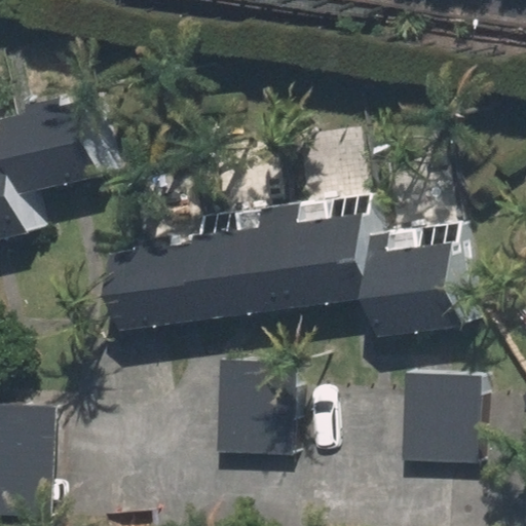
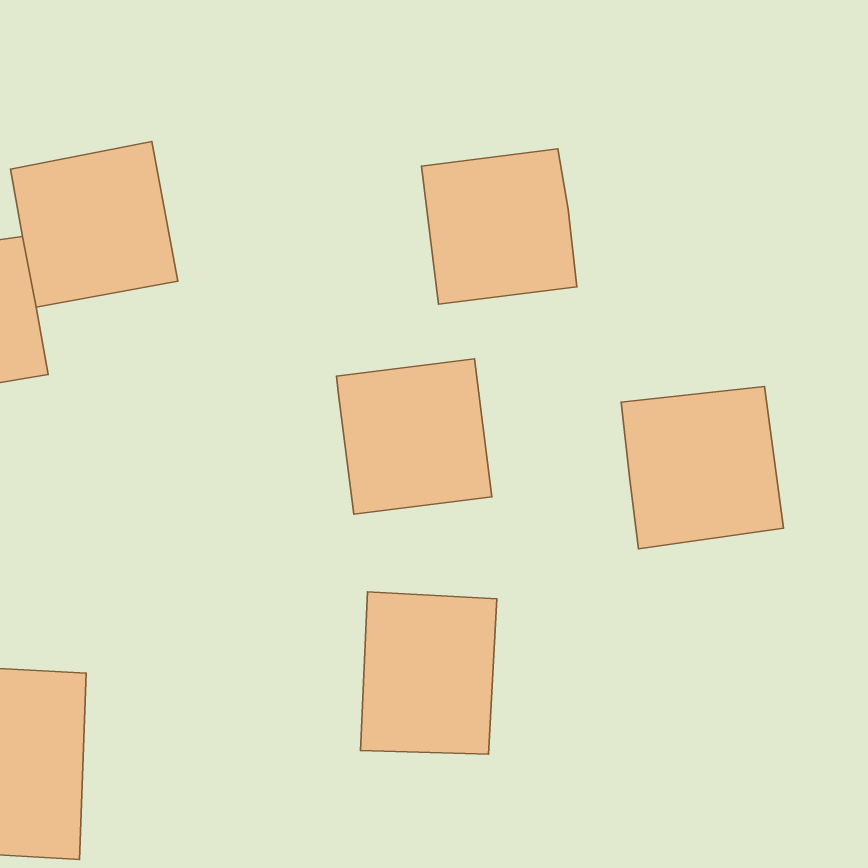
building: [283,212,375,304] -> [421,149,577,304]
building: [117,241,211,326] -> none
building: [400,376,477,464] -> none

